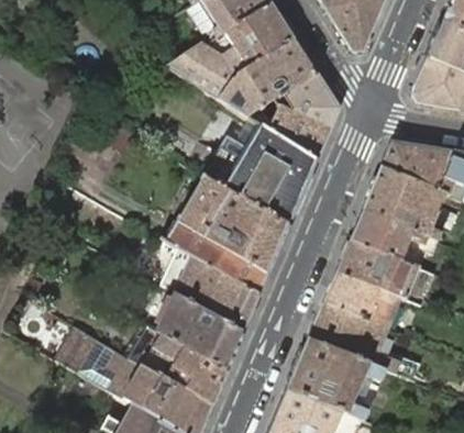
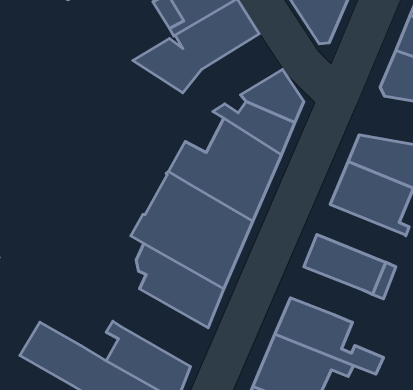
building: [218,40,317,116] -> none
building: [351,209,438,265] -> none
building: [324,270,401,326] -> none
building: [156,289,243,369] -> none

